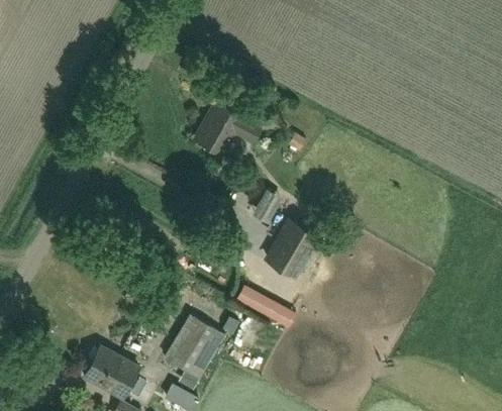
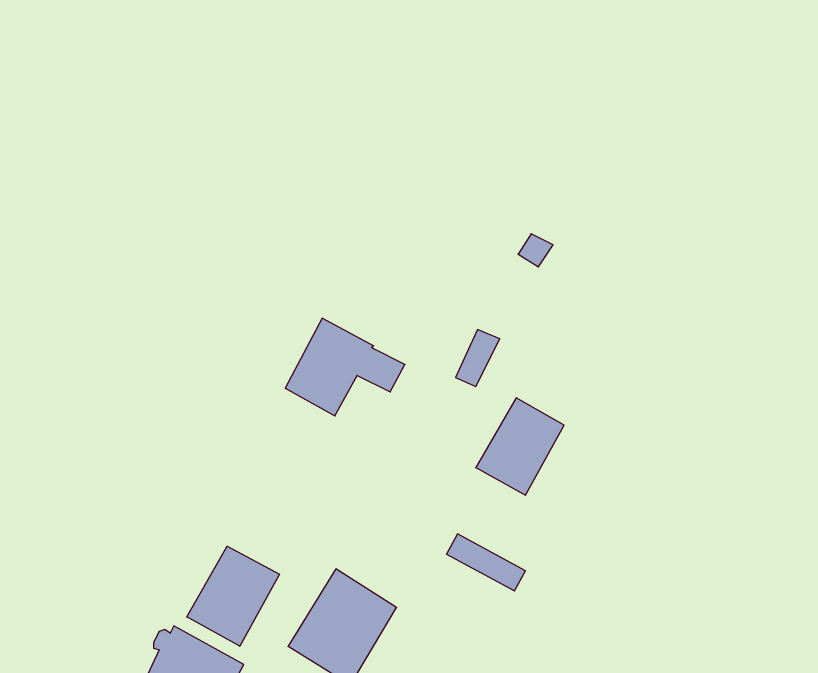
building: [195,101,261,155] -> [285,318,405,416]
building: none -> [187,546,279,646]

